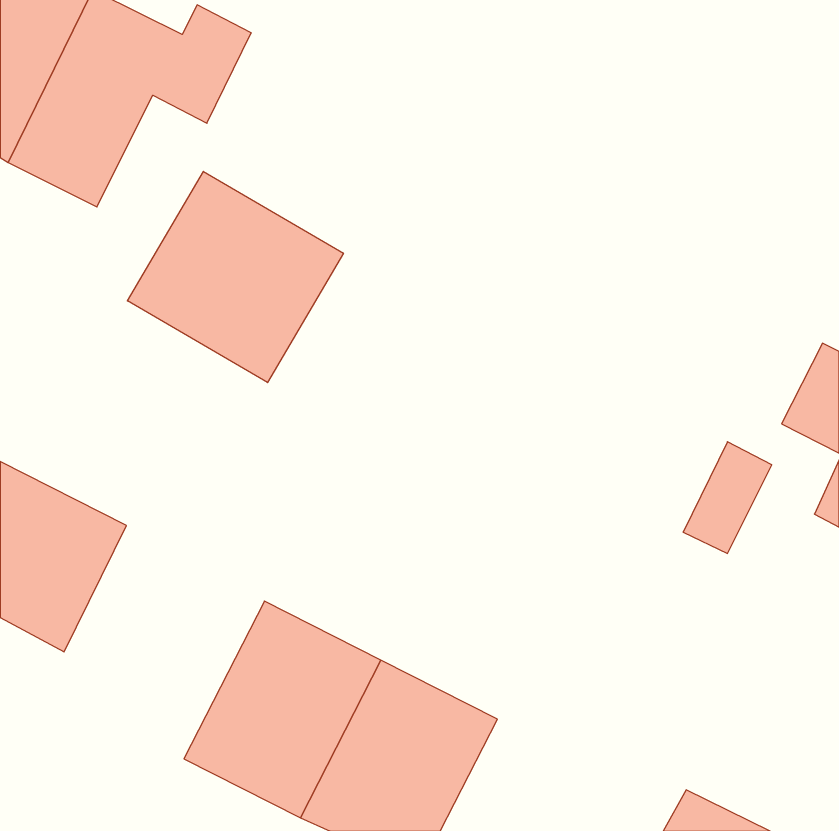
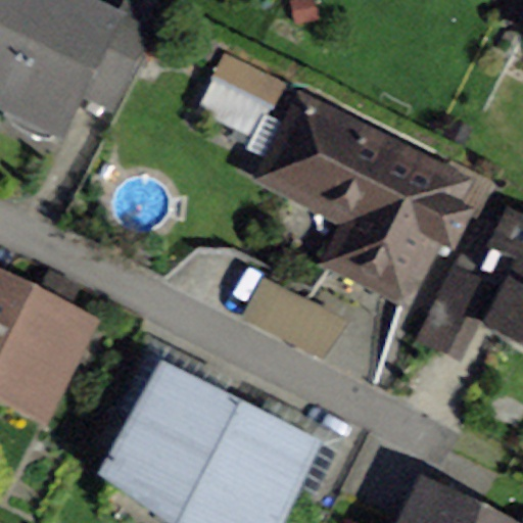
building: none -> [198,52,458,294]
building: [127,171,343,383] -> none

